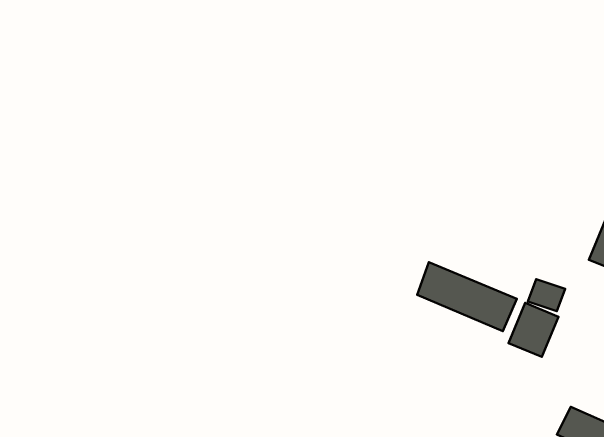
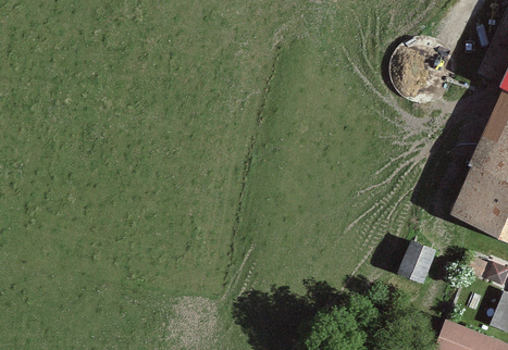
building: [417,262,517,331] -> none

